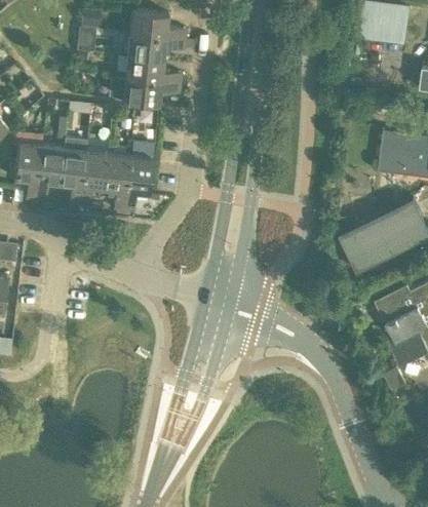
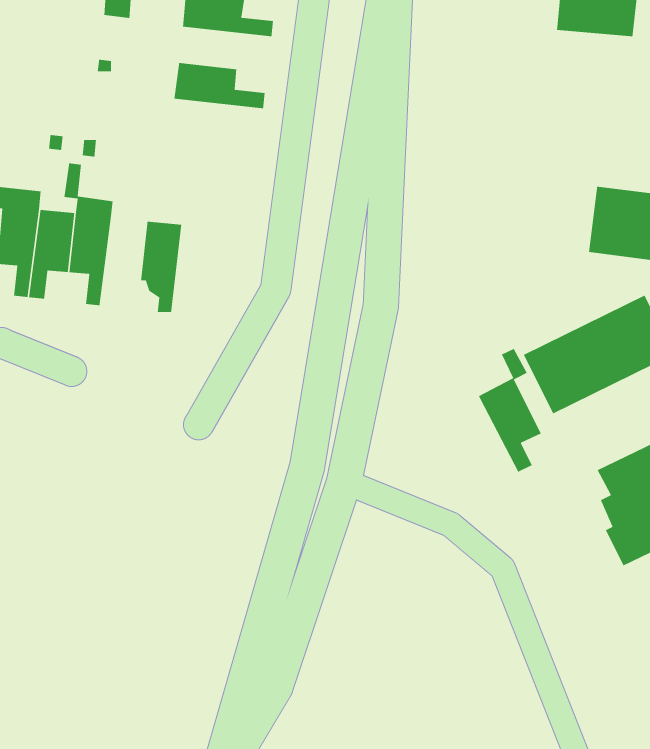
building: [127,34,185,60] -> none
building: [122,78,180,105] -> none
building: [79,150,108,206] -> none
building: [123,155,153,211] -> none
building: none -> [478,348,542,473]

